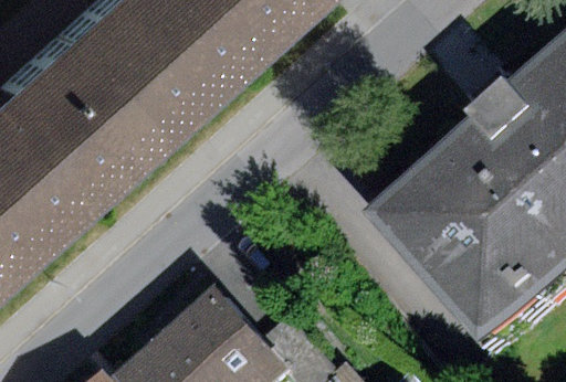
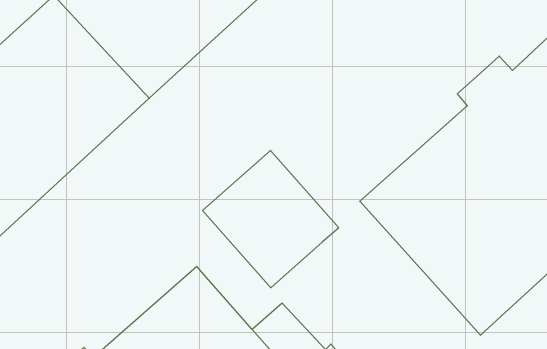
building: none -> [203,150,339,288]

